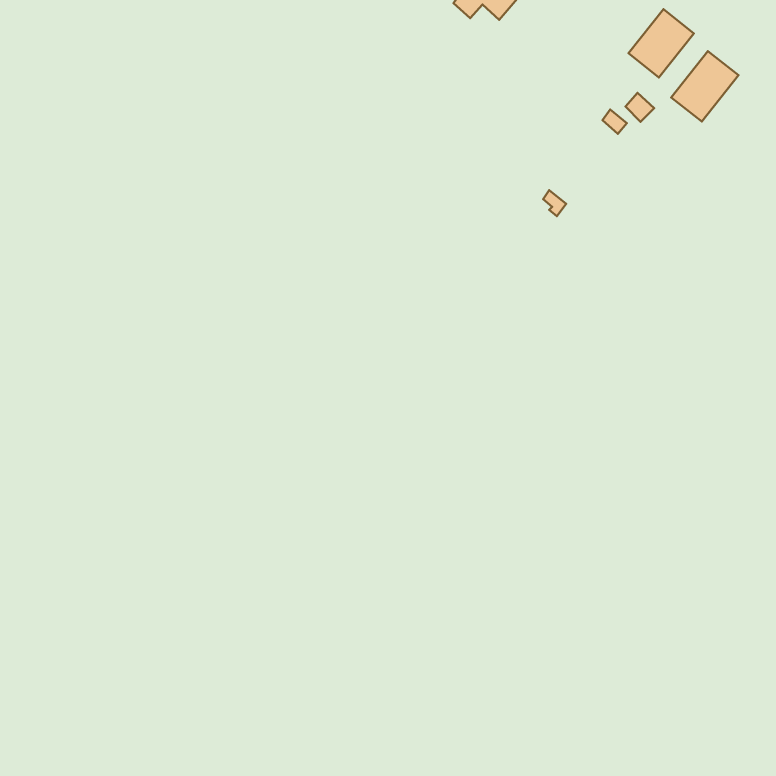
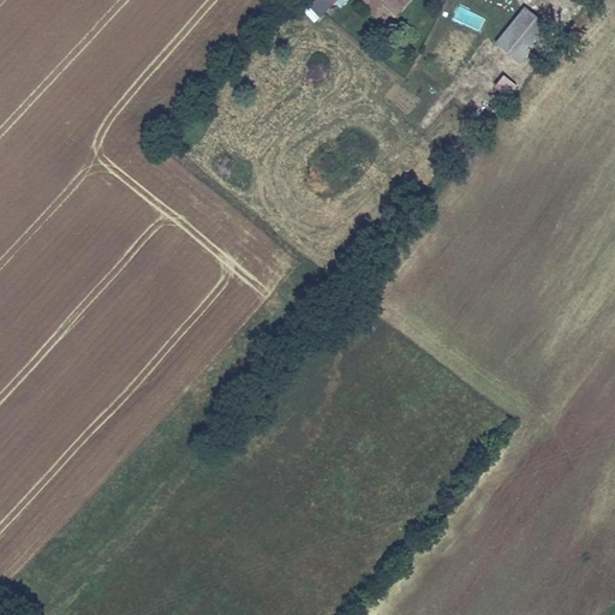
building: [671,51,738,122] -> none

